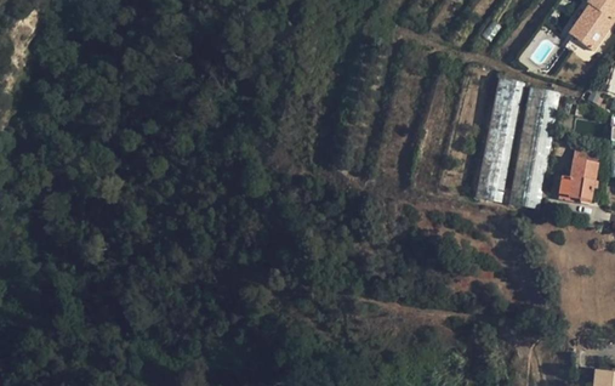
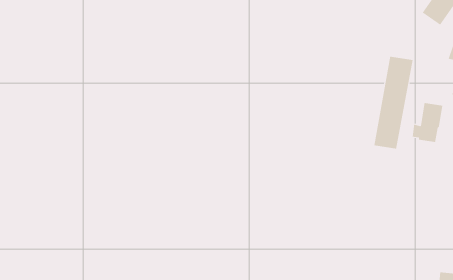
building: [473,79,524,203] -> none

